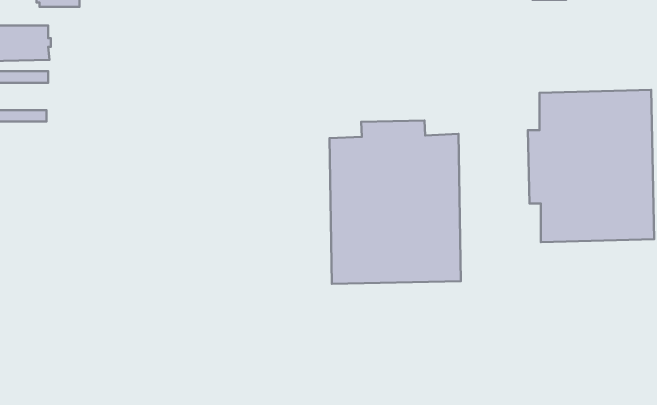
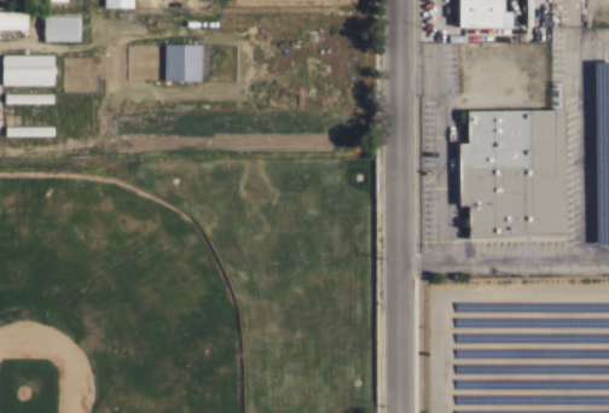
building: none -> [166,45,203,81]
building: [329,121,461,284] -> none

